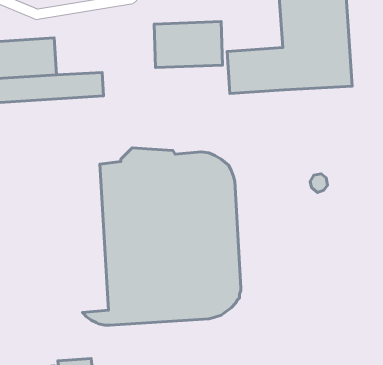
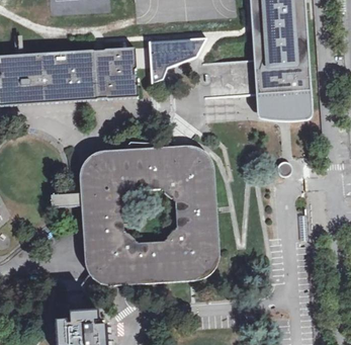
building: none -> [67,47,138,98]
building: none -> [255,90,312,121]
building: none -> [80,149,122,275]

